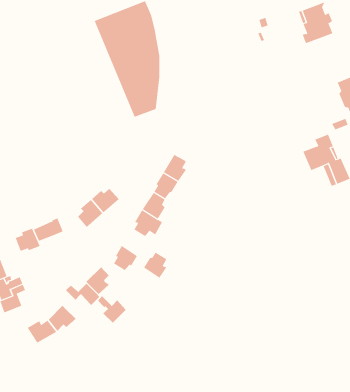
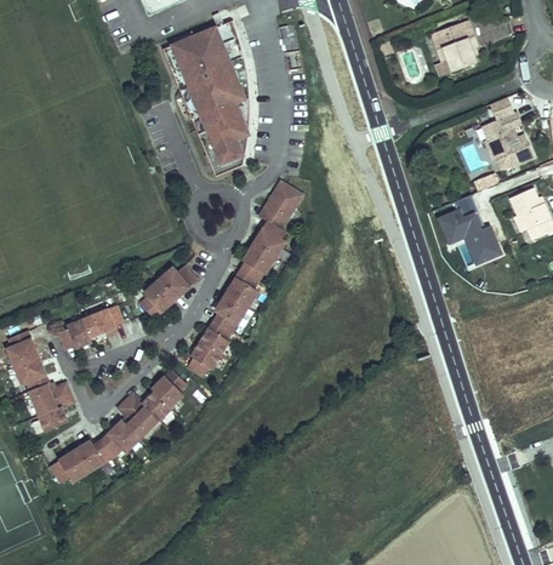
building: none -> [263,182,301,229]
building: [143,252,167,279] -> [198,321,229,356]
building: [97,295,127,324] -> [118,401,156,439]
building: none -> [49,451,86,483]

